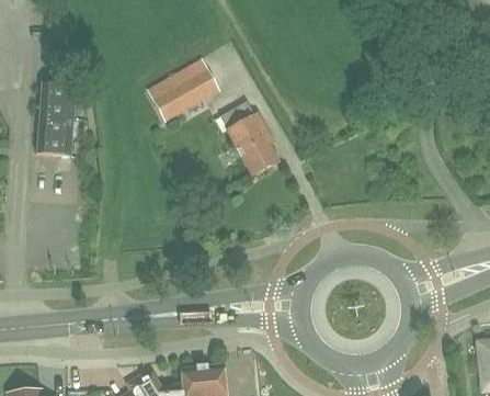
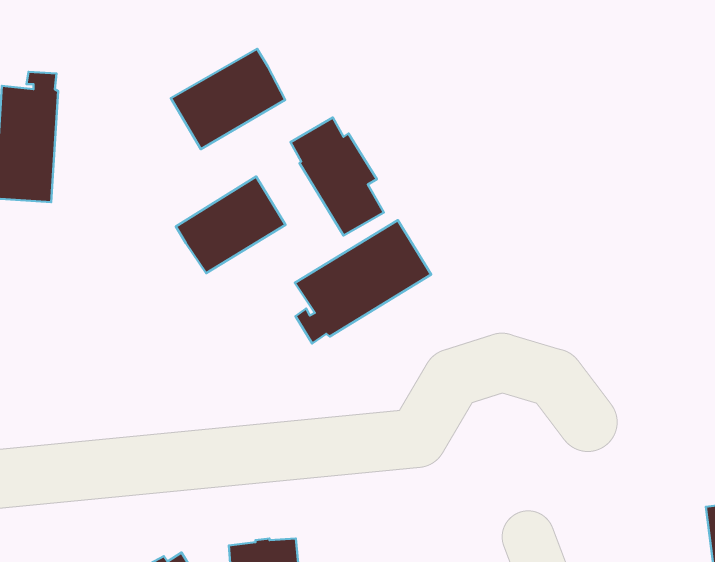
building: none -> [176,176,286,273]
building: none -> [295,220,431,344]

